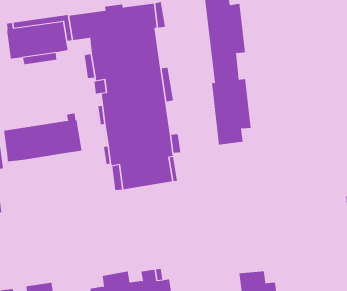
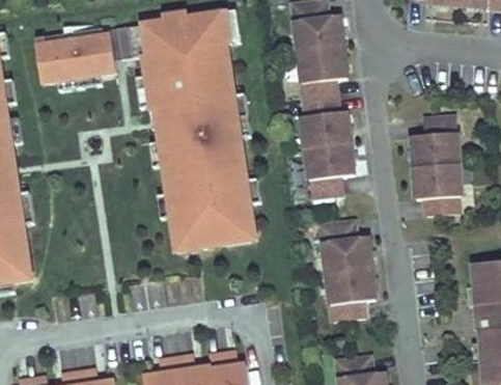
building: none -> [410,113,460,213]
building: [4,113,82,162] -> none
building: none -> [318,220,373,319]

